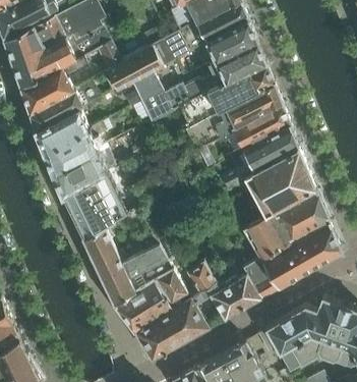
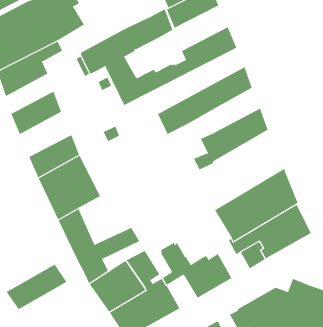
building: [201,22,256,67] -> none
building: [178,65,273,130] -> none
building: [31,91,79,132] -> none
building: [232,106,289,152] -> none
building: [44,130,97,176] -> none
building: [244,149,313,217] -> none
building: [242,261,278,299] -> none
building: none -> [6,264,67,310]

